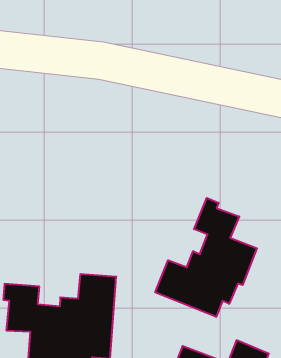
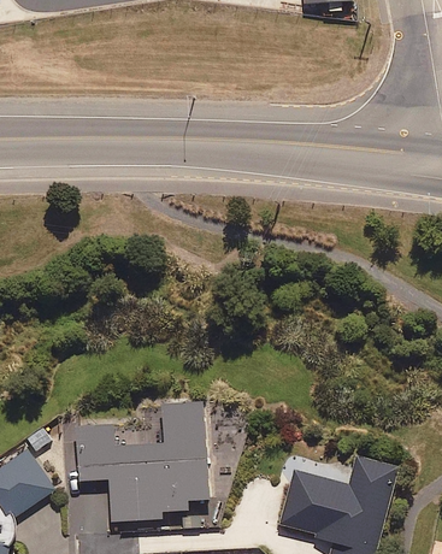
building: [155,198,257,317] -> none

